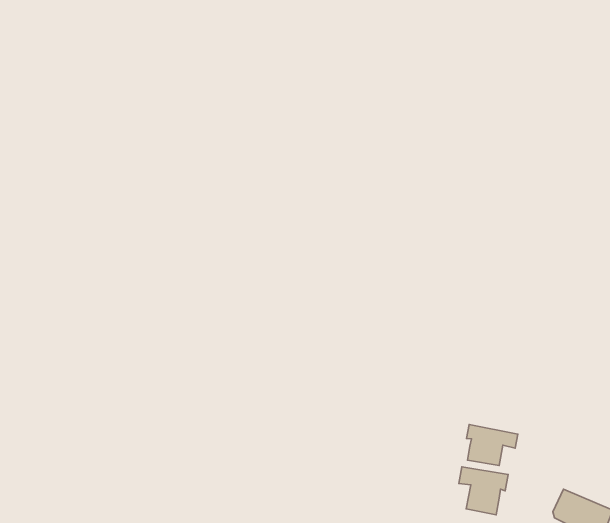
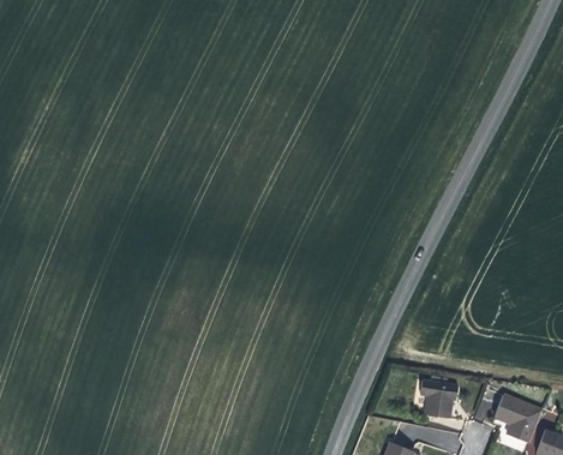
building: [467,424,518,466] -> none

